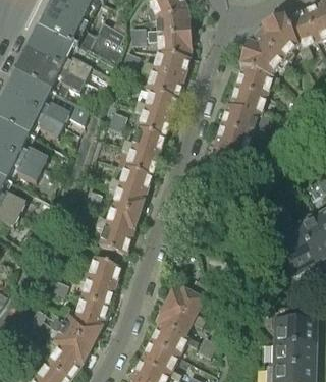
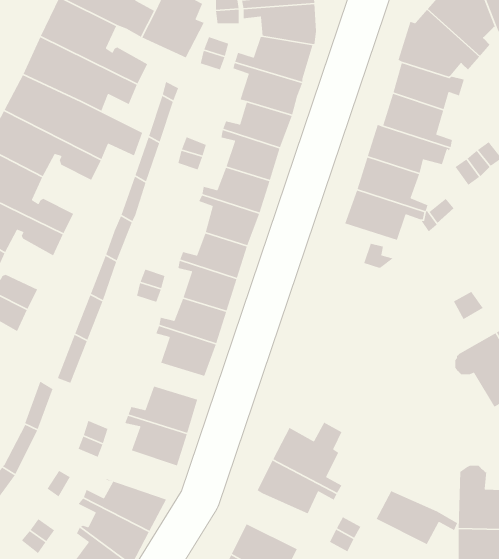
building: [67,295,109,324] -> none
building: [150,321,199,353] -> [375,490,458,545]

